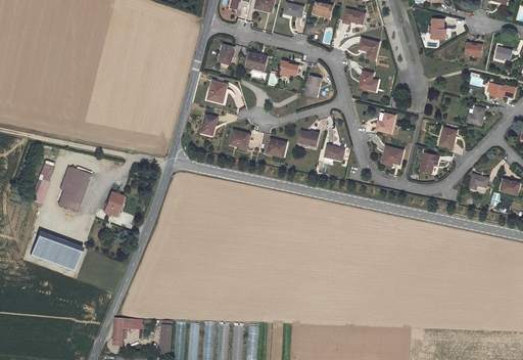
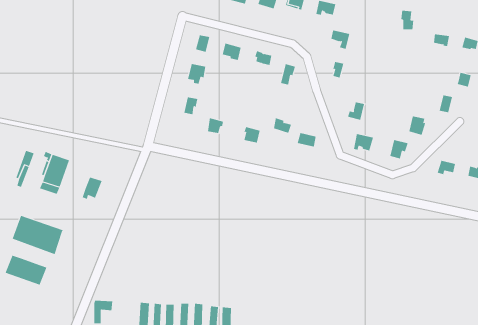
building: none -> [5,255,47,286]

